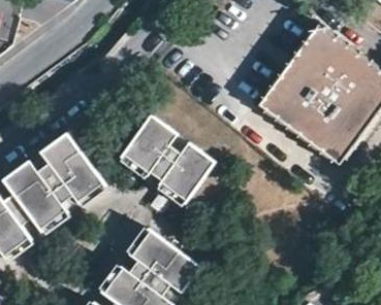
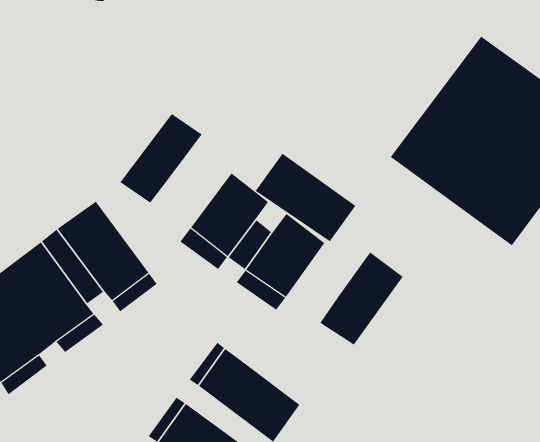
building: none -> [119,113,203,204]
building: none -> [255,153,356,242]
building: none -> [319,252,403,346]

